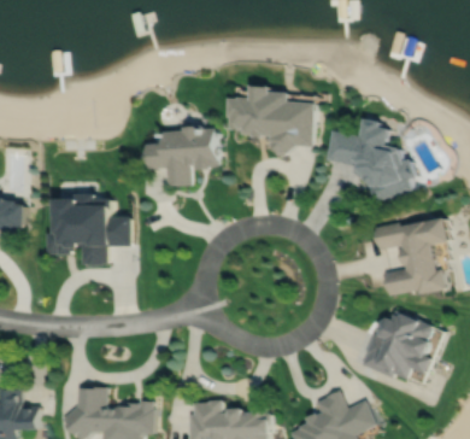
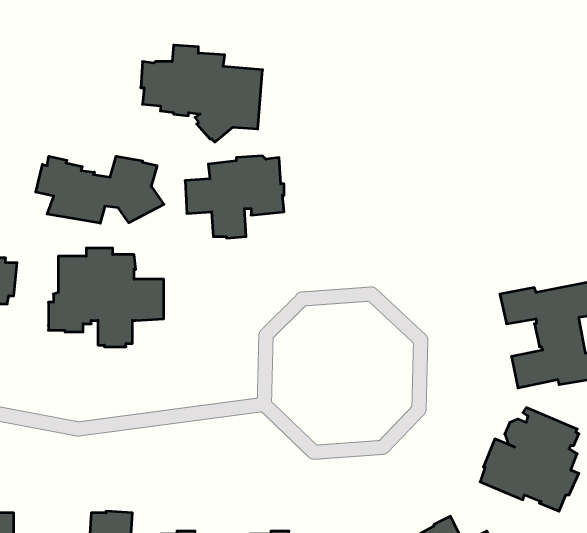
building: [227,84,316,156] -> [141,45,263,142]
building: [327,117,417,200] -> none
building: none -> [36,156,164,223]

